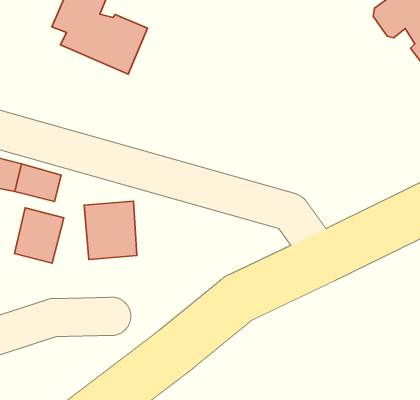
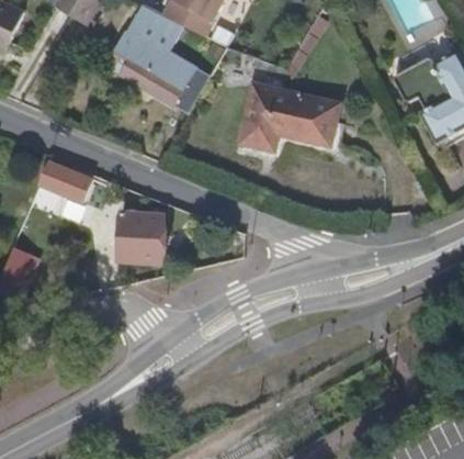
building: none -> [241,87,341,152]
building: [15,208,64,263] -> none

